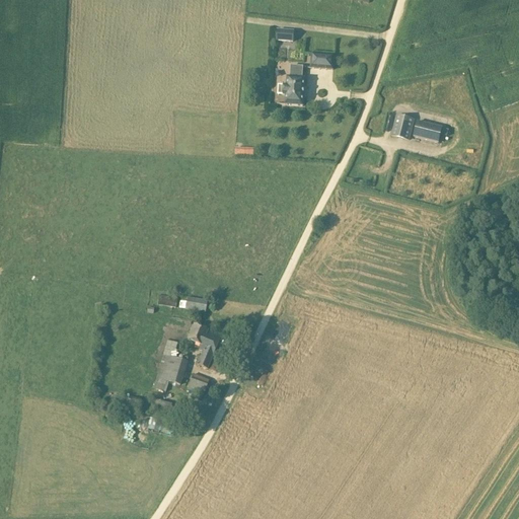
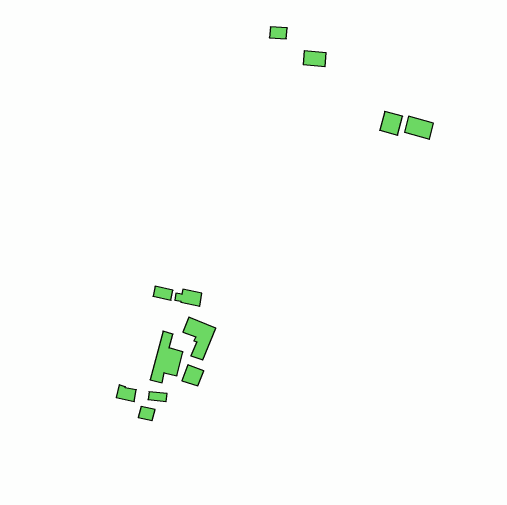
building: [282,64,304,103] -> none

